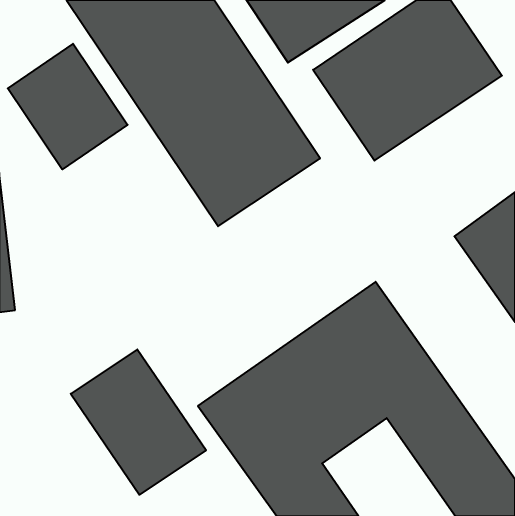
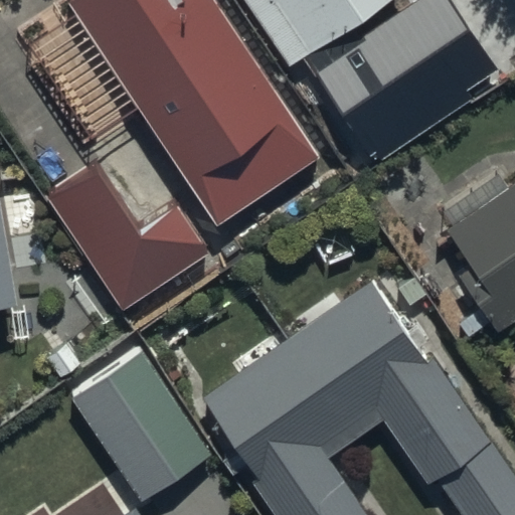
building: [8,44,128,169] -> none
building: none -> [47,165,209,310]

